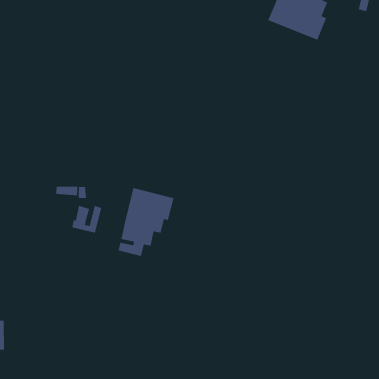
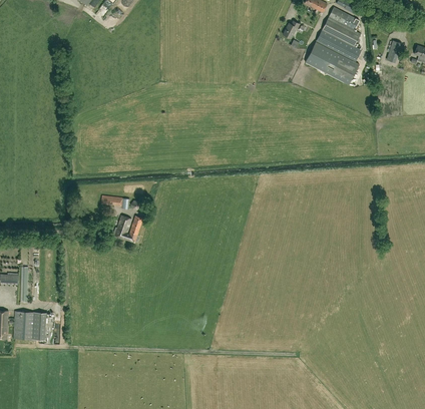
building: [118,187,174,257] -> none

